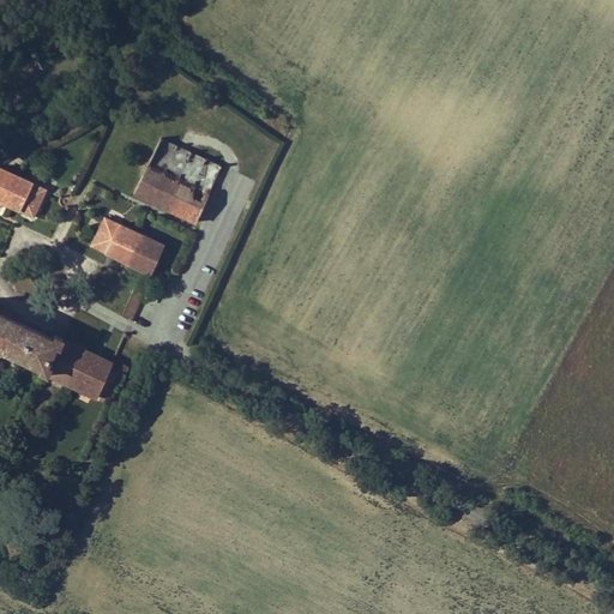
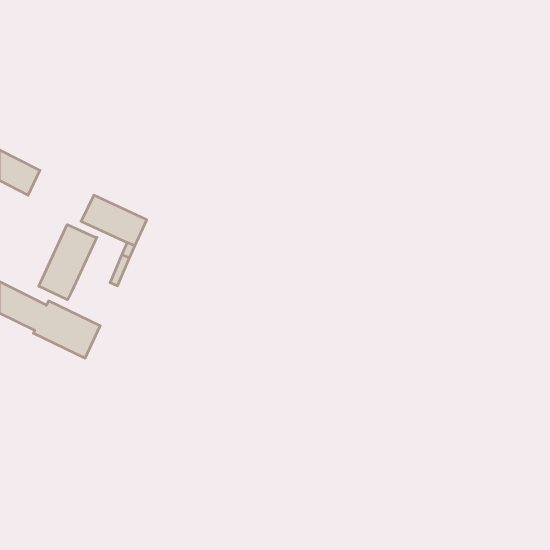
building: [133,138,221,223] -> none
building: none -> [39,225,97,300]

